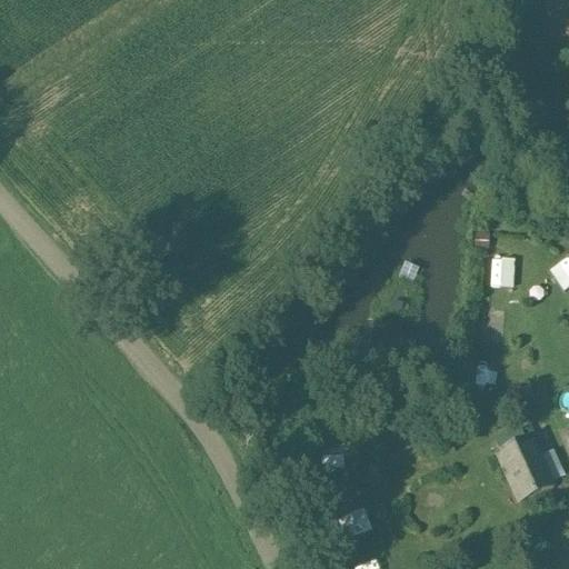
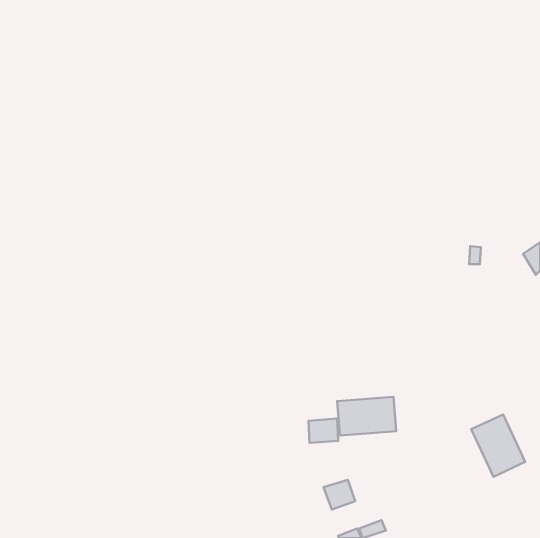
building: none -> [337,397,396,435]

